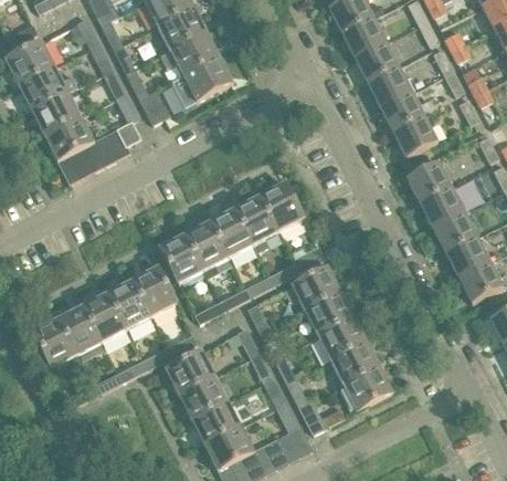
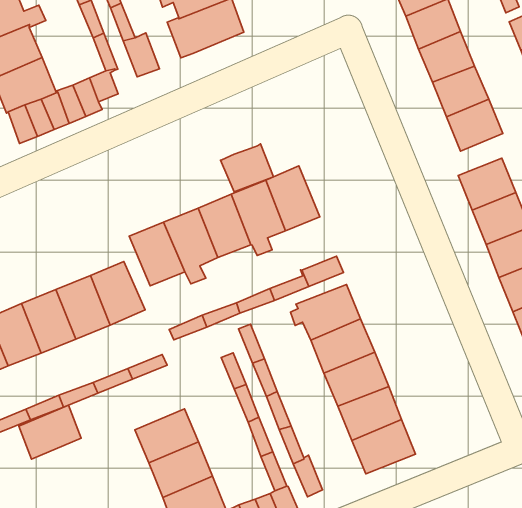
building: none -> [220,144,274,192]
building: [165,351,213,395] -> [19,405,81,459]

